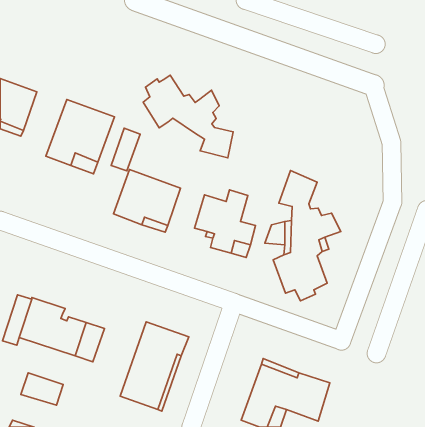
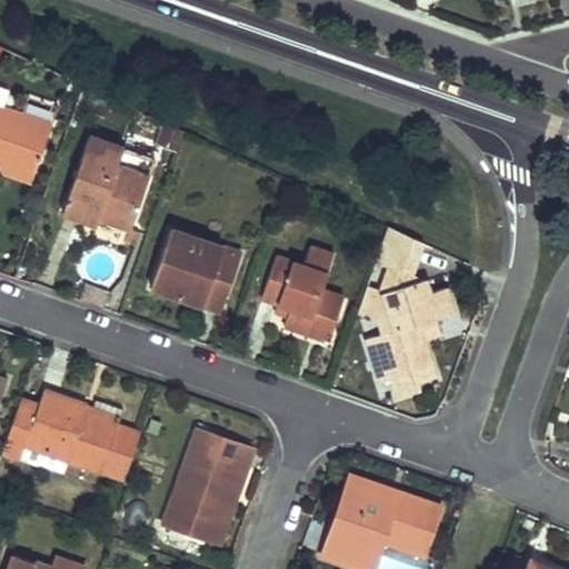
building: [143,75,233,158] -> none
building: [111,128,140,171] -> none
building: [21,373,63,405] -> none

